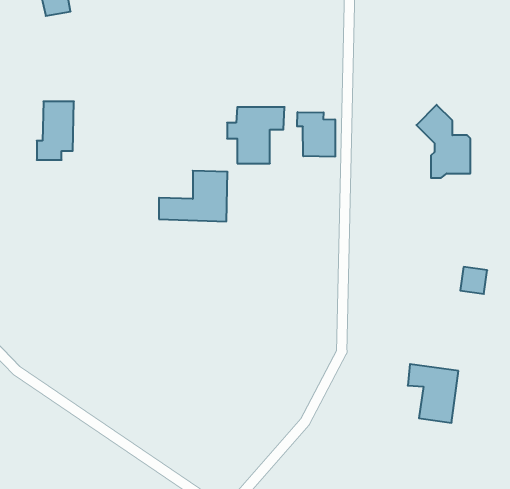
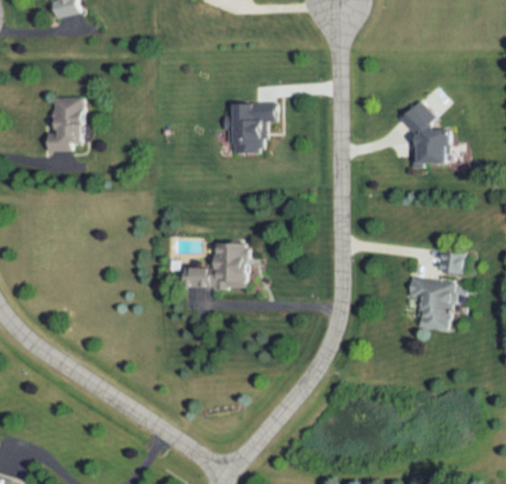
building: [297,112,335,157] -> none
building: [159,171,228,221] -> [184,242,247,289]
building: [408,364,458,423] -> [408,277,455,331]

